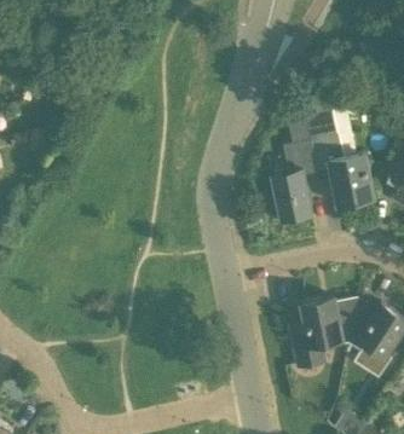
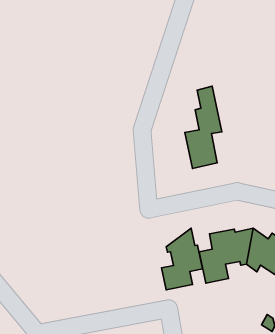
building: [304,110,370,204] -> none
building: none -> [162,228,203,290]

